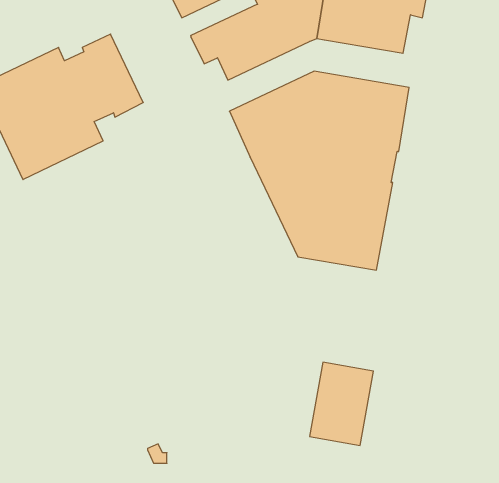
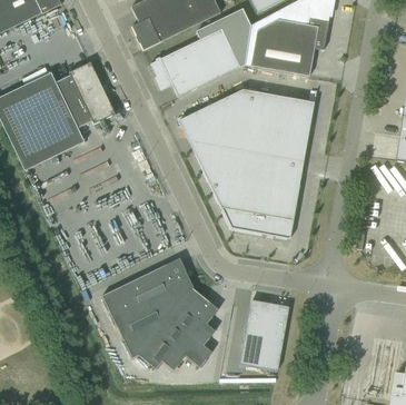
building: none -> [101,257,218,369]

